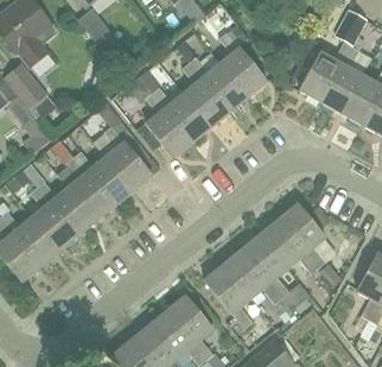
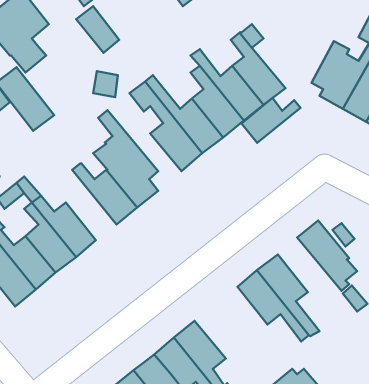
building: none -> [242,98,300,143]
building: [52,140,114,221] -> none
building: [261,219,319,274] -> none
building: [204,264,253,329] -> none

